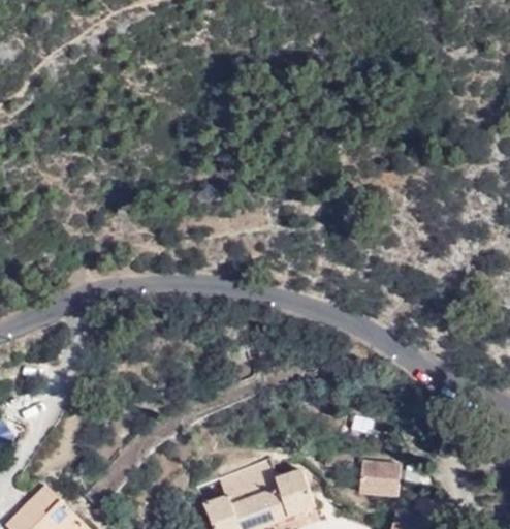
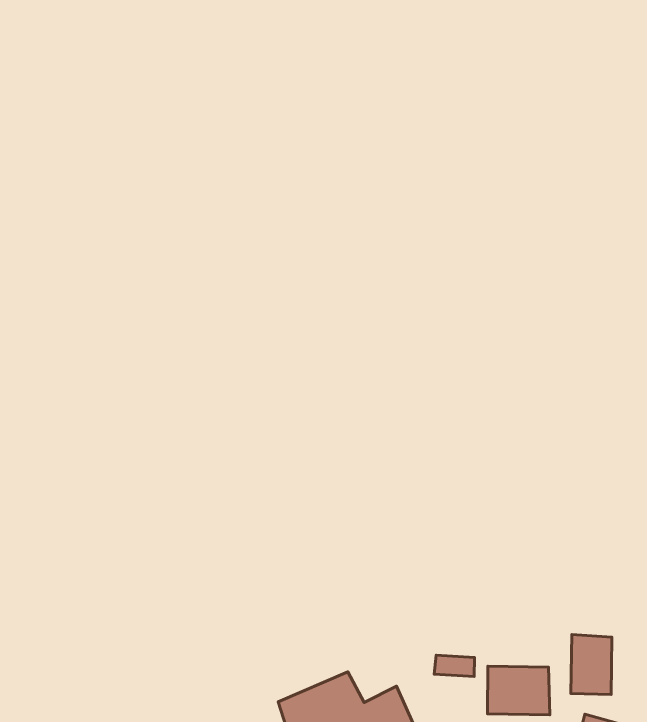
building: none -> [571,635,612,695]

